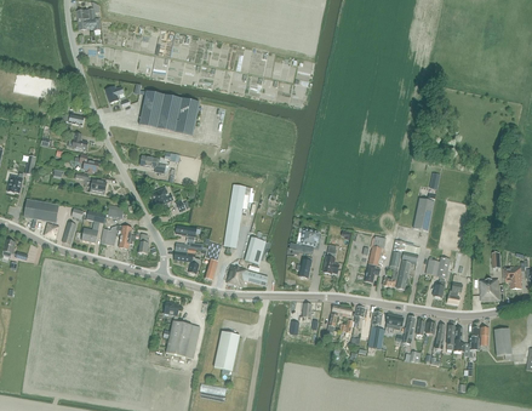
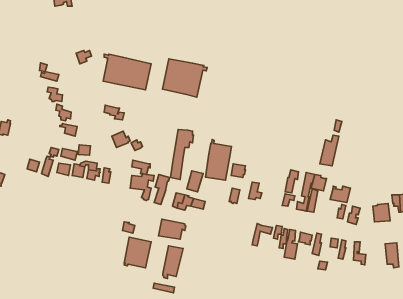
building: none -> [162,59,207,97]
building: none -> [205,140,232,180]
building: [24,198,59,221] -> none
building: none -> [158,219,186,239]

